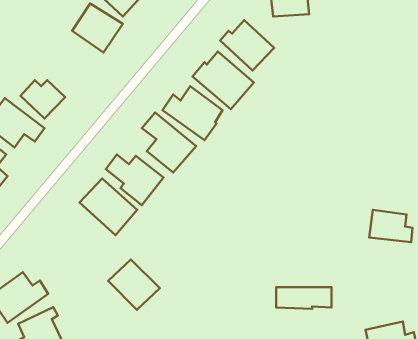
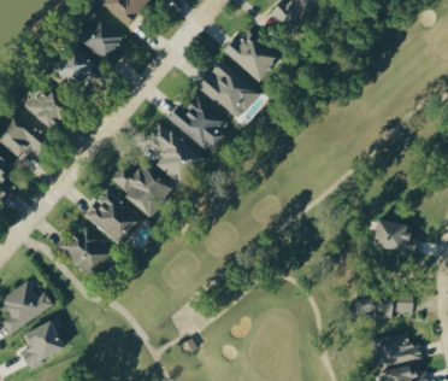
building: none -> [54,46,95,88]
building: [108,259,160,310] -> [57,224,108,275]
building: [276,287,331,309] -> [356,293,412,315]

